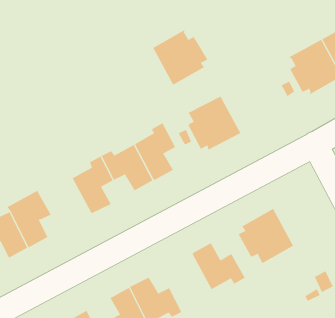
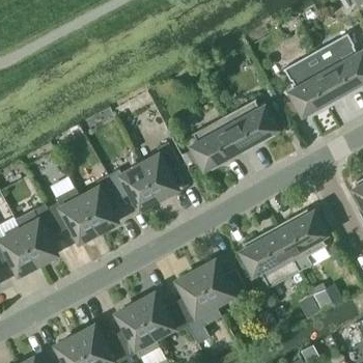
building: [152,30,208,85] -> [224,100,278,153]
building: none -> [47,189,100,243]
building: none -> [275,210,327,262]
building: none -> [174,269,215,327]

